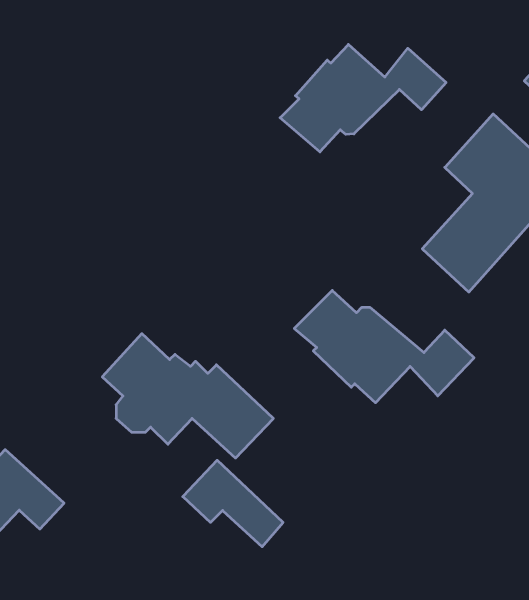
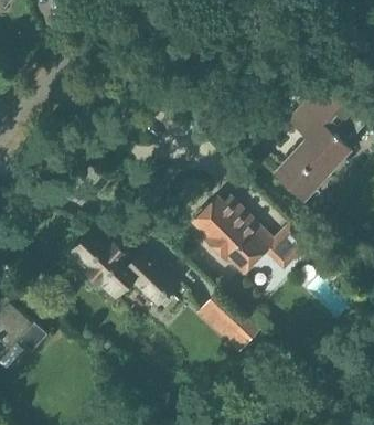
building: [280,44,446,152] -> none
building: [183,460,283,547] -> [195,291,259,347]

